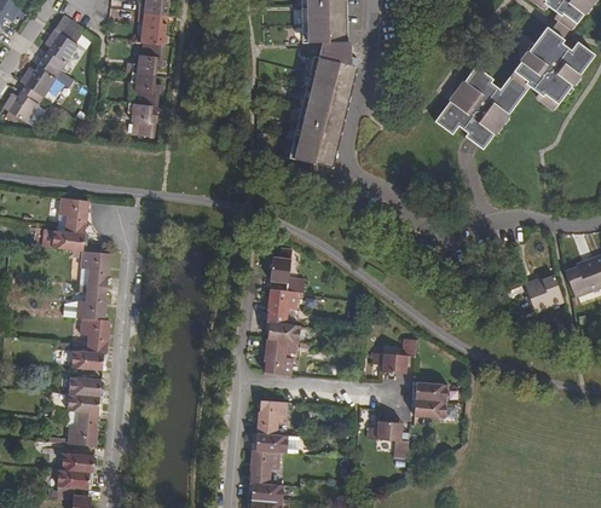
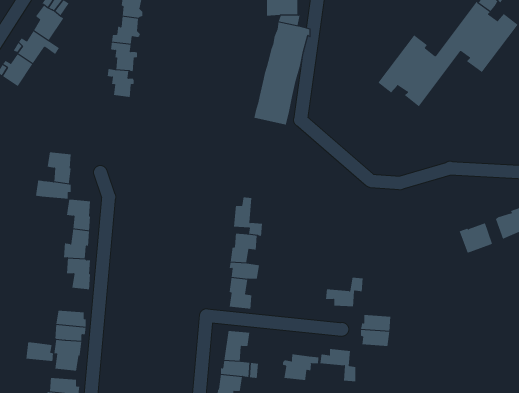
building: [71,350,108,370] -> none
building: none -> [26,341,53,362]
building: none -> [282,354,319,381]

